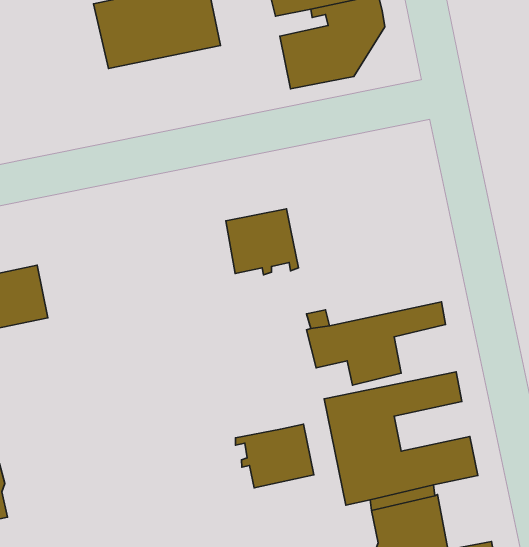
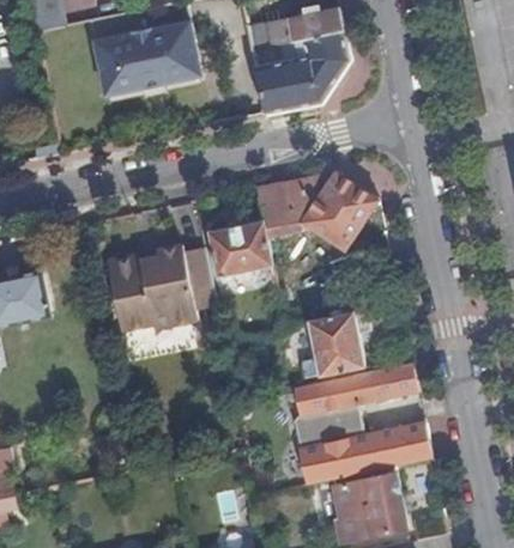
building: none -> [254,171,377,251]
building: none -> [105,245,216,331]
building: [235,424,314,488] -> none

